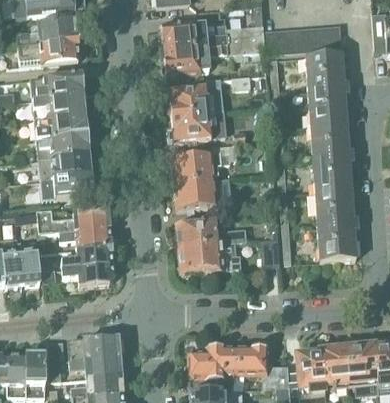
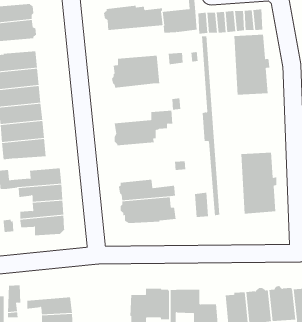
building: [162,45,227,75] -> none
building: [169,112,226,141] -> none
building: [311,123,353,192] -> none
building: [172,179,236,209] -> none
building: [68,338,121,360] -> none

